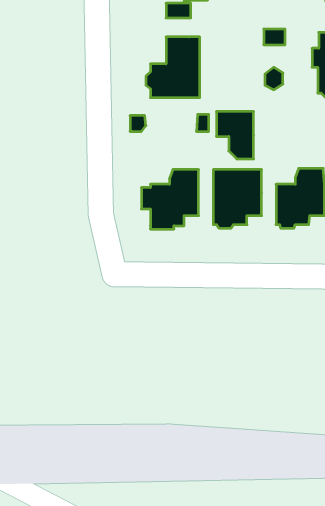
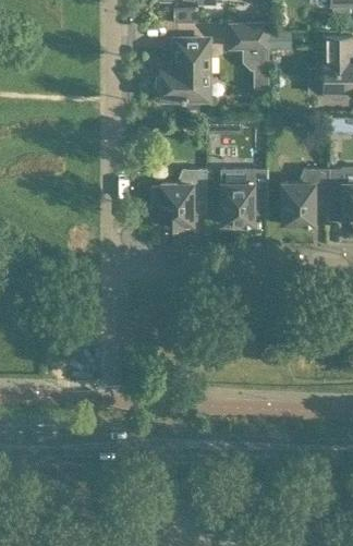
building: [216,112,254,159] -> [232,23,268,69]

